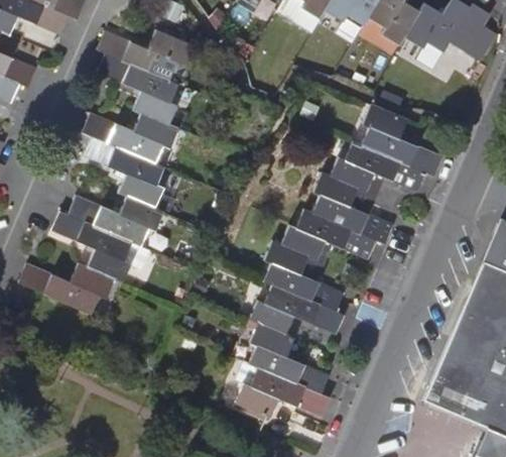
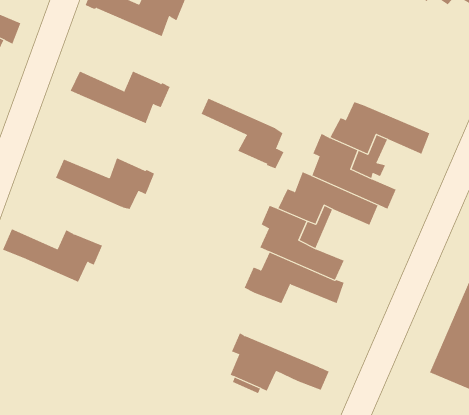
building: [99,53,178,125] -> none
building: [362,105,442,177] -> none
building: [84,136,163,208] -> none
building: none -> [201,98,284,169]
building: [51,212,132,283] -> none
building: [249,325,330,395] -> none

